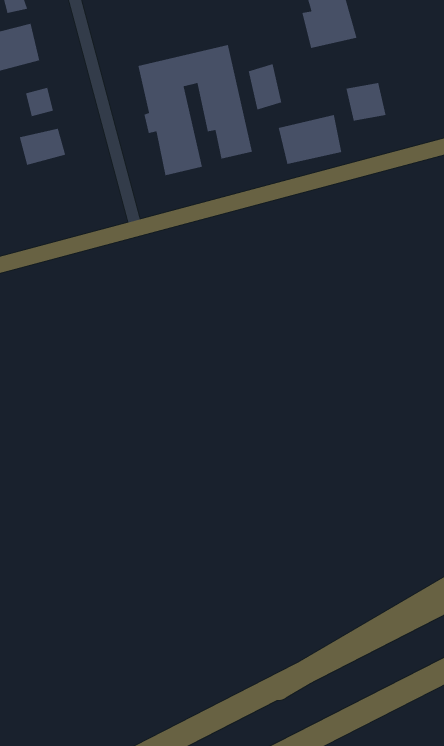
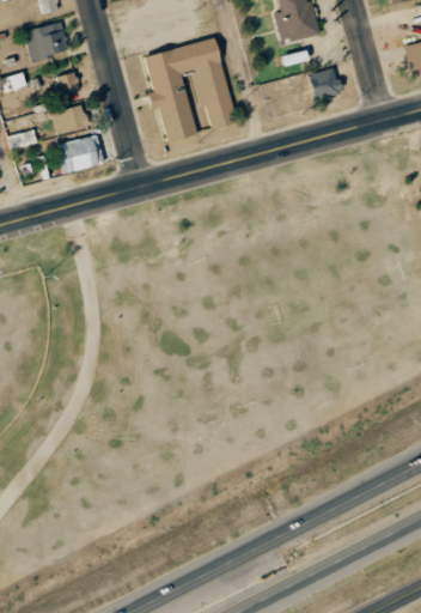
building: [248,63,282,110] -> none
building: [278,114,342,165] -> none
building: none -> [56,135,104,172]

